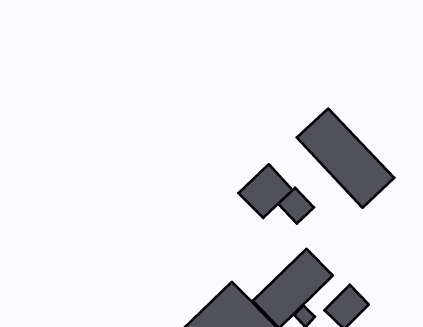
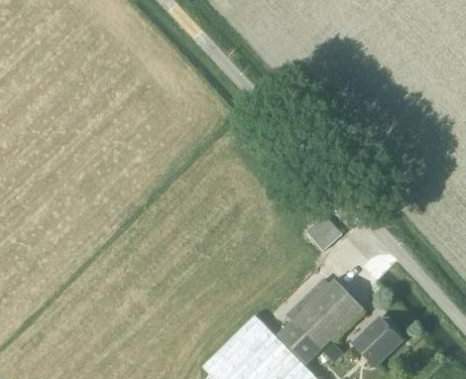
building: [297,109,394,208] -> none
building: [238,164,292,218] -> none

